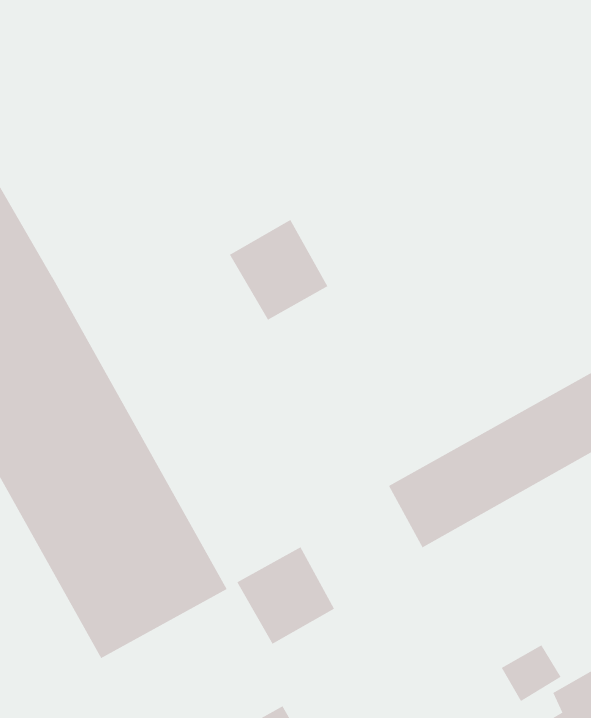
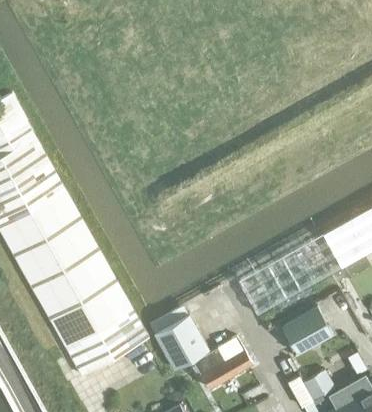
building: [229,219,328,321] -> none
building: none -> [282,307,333,356]
building: none -> [193,337,253,390]

